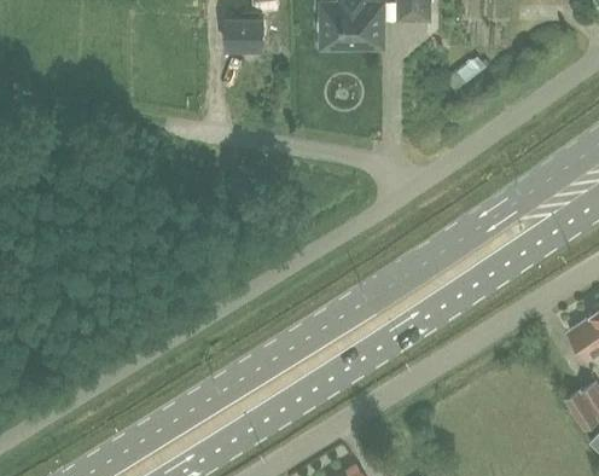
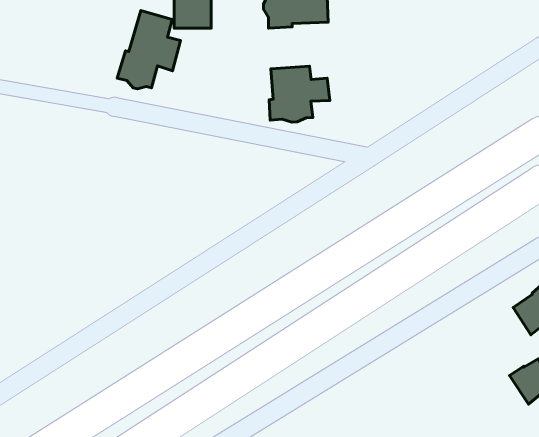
building: none -> [117,10,180,89]
building: none -> [269,66,330,122]

